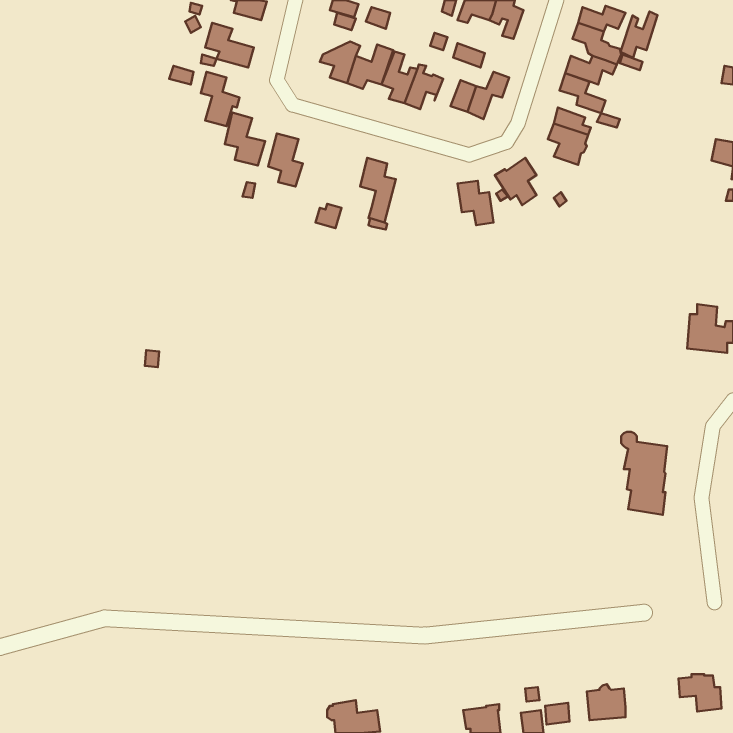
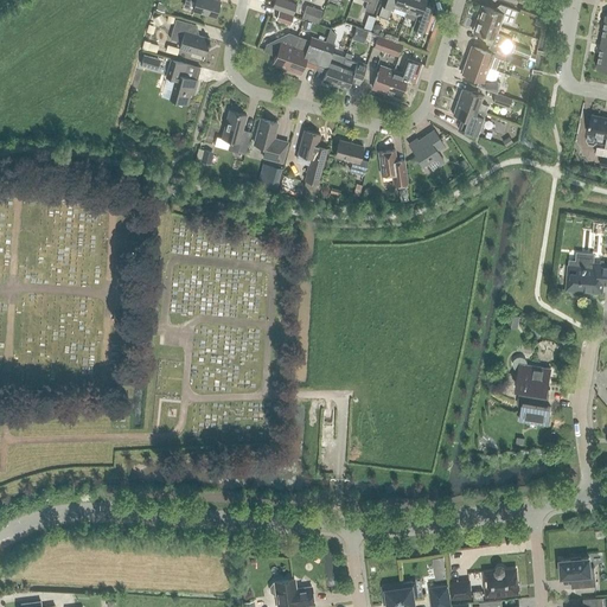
building: [620,12,658,58] -> none
building: [225,113,265,166] -> [255,119,288,162]
building: none -> [336,140,369,175]

